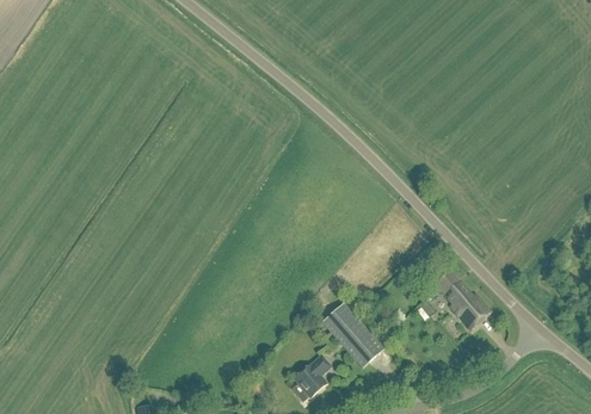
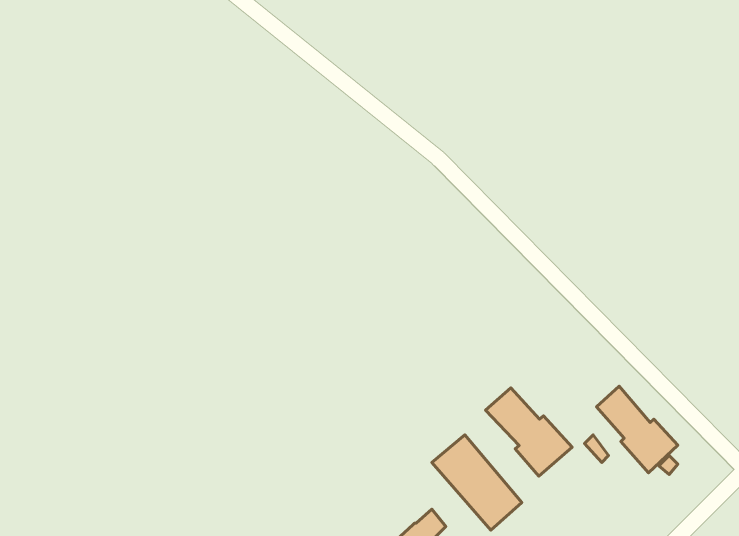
building: none -> [486,388,572,476]

